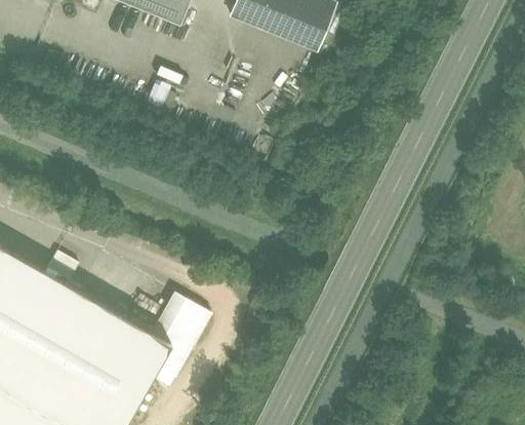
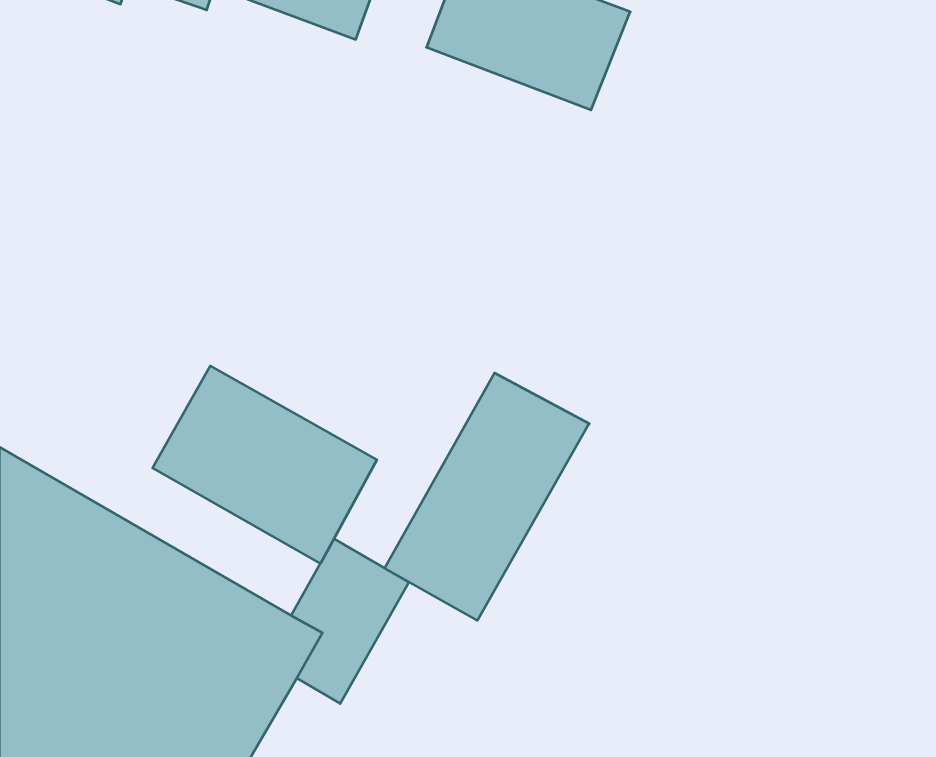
building: none -> [153,366,377,563]
building: none -> [385,373,589,620]

